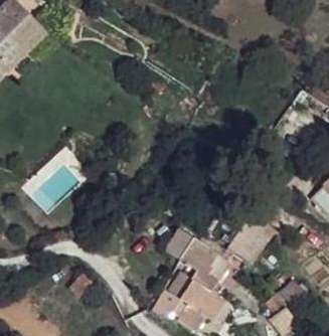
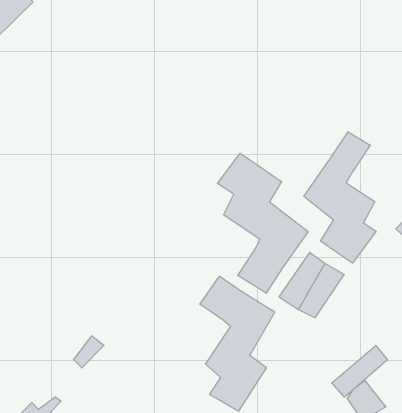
building: none -> [304,132,376,263]
building: none -> [217,153,308,293]

